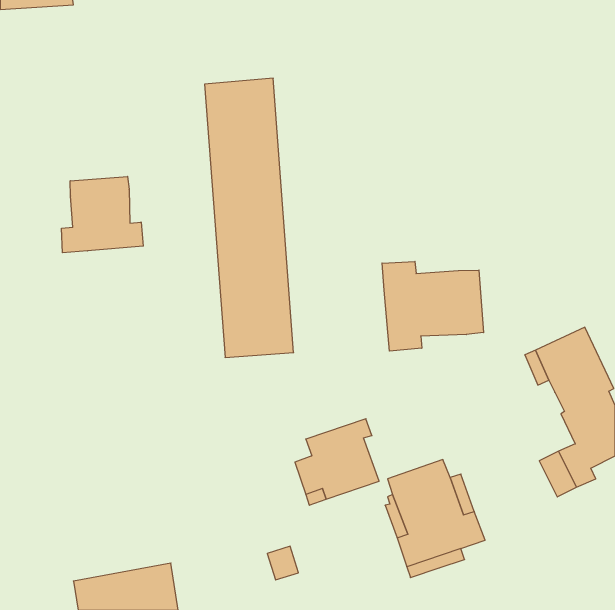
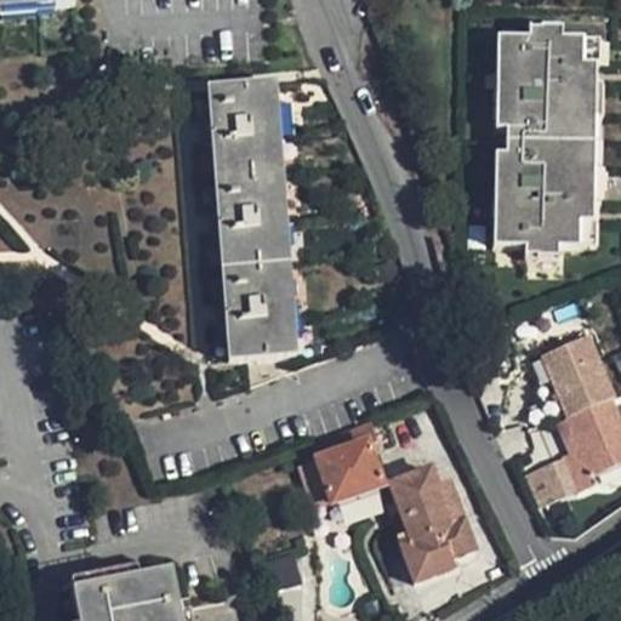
building: none -> [492,21,602,253]
building: [62,176,143,253] -> none
building: [382,261,484,351] -> none

